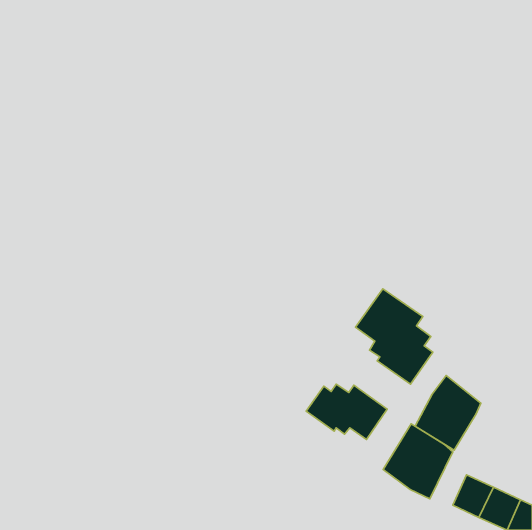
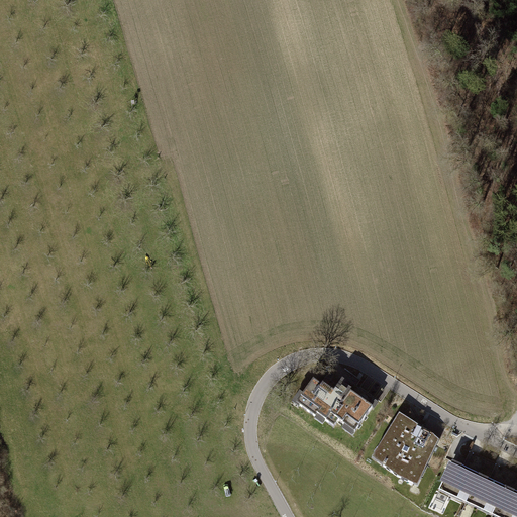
building: [355,289,433,384] -> none
building: [415,375,481,450] -> none

